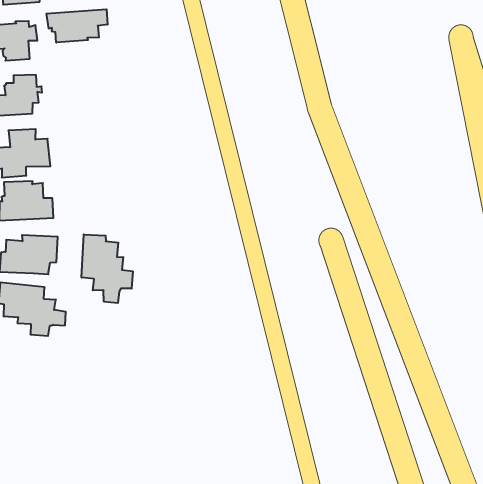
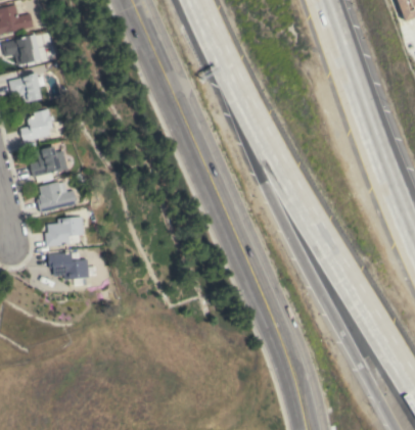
building: [46,9,108,43] -> none
building: [82,234,133,303] -> none

